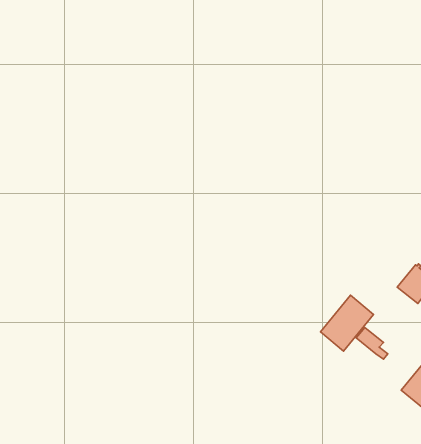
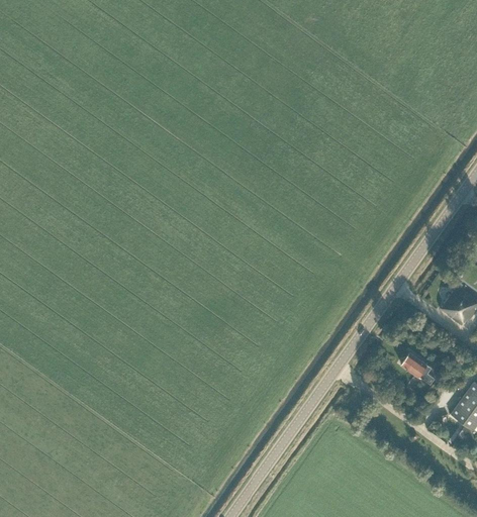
building: [320,295,373,351] -> none

